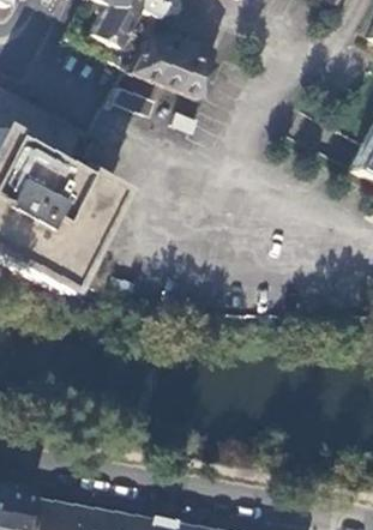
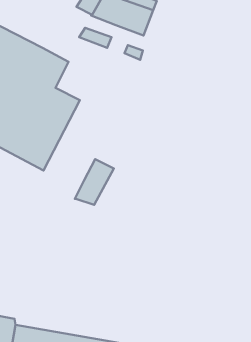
building: none -> [75,159,114,205]

